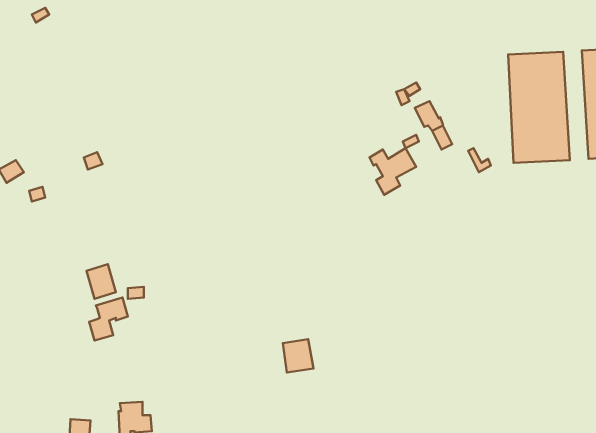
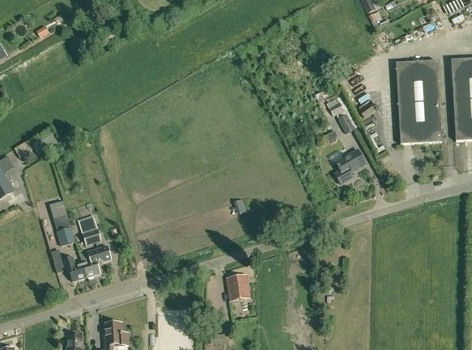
building: [369,148,416,195] -> [330,149,365,184]
building: none -> [51,201,75,244]
building: none -> [54,256,86,280]

